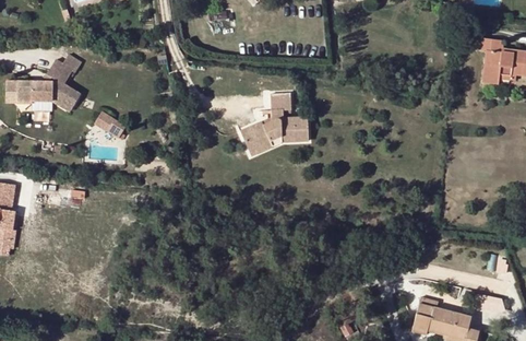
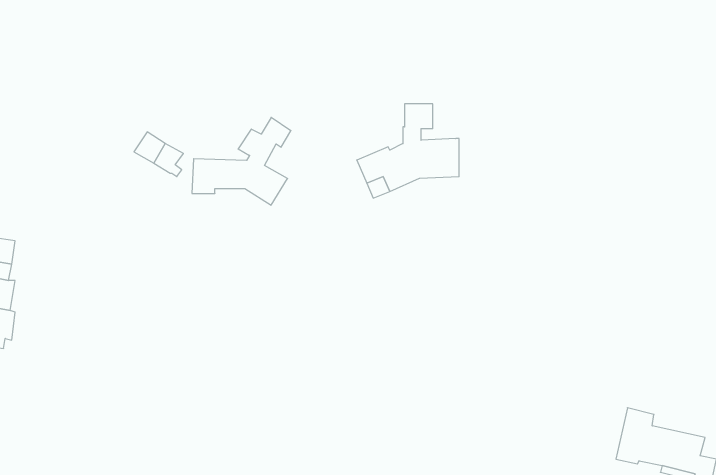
building: [15,55,81,113] -> [192,117,291,205]

